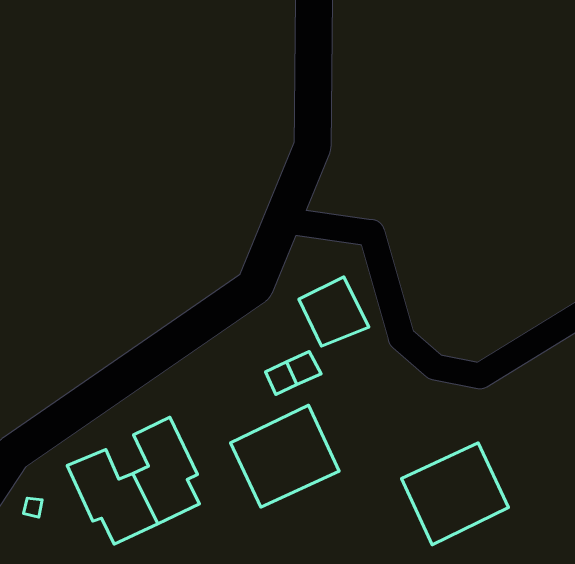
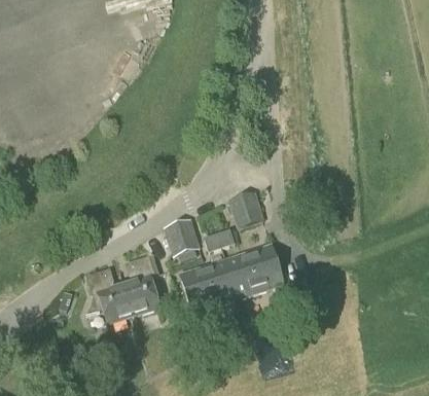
building: none -> [164,218,201,255]
building: [401,443,508,545] -> [226,244,284,297]

